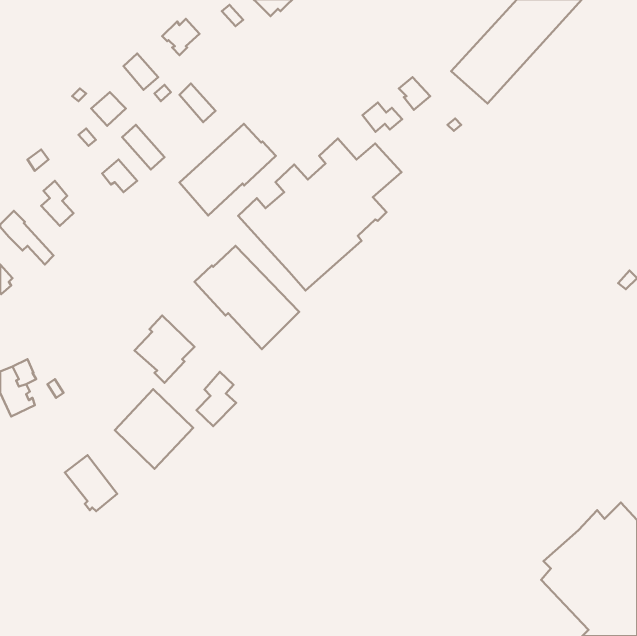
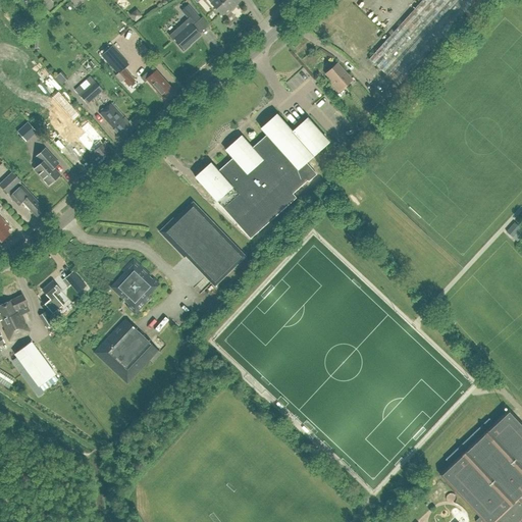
building: [162,19,200,55] -> [169,20,200,50]
building: [363,103,402,132] -> none
building: [180,124,276,215] -> none
building: none -> [42,280,63,313]
building: [197,372,236,426] -> none
building: [65,455,117,511] -> [14,341,57,386]

